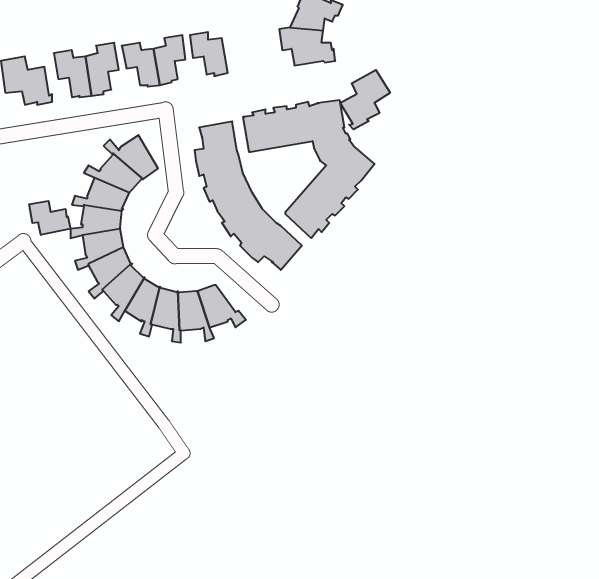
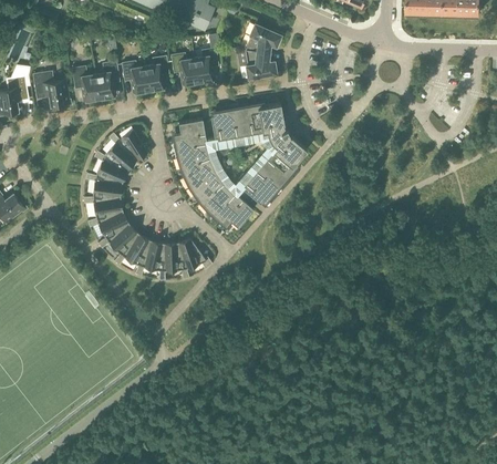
building: none -> [195,48,218,83]
building: [340,70,390,129] -> none
building: [29,201,70,235] -> none

